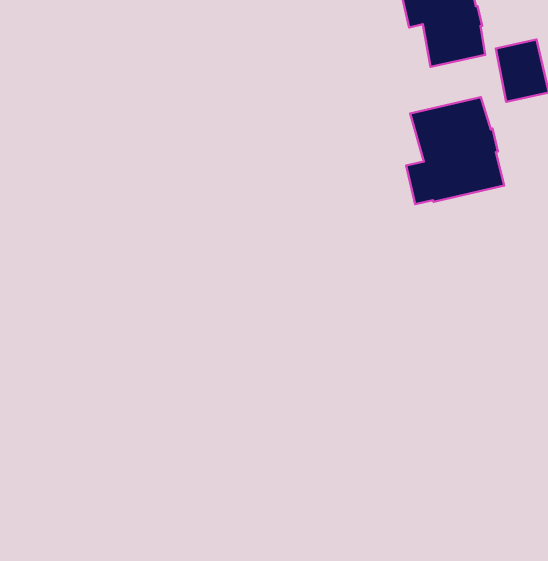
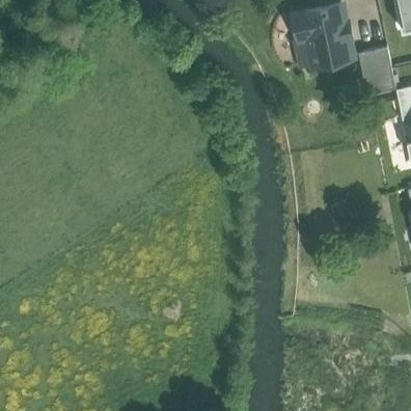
building: [406,97,504,204] -> none

